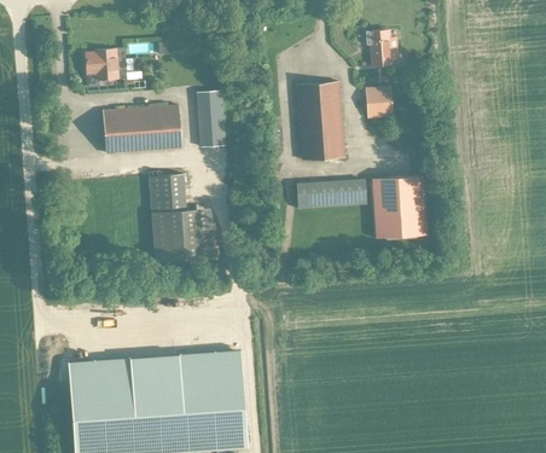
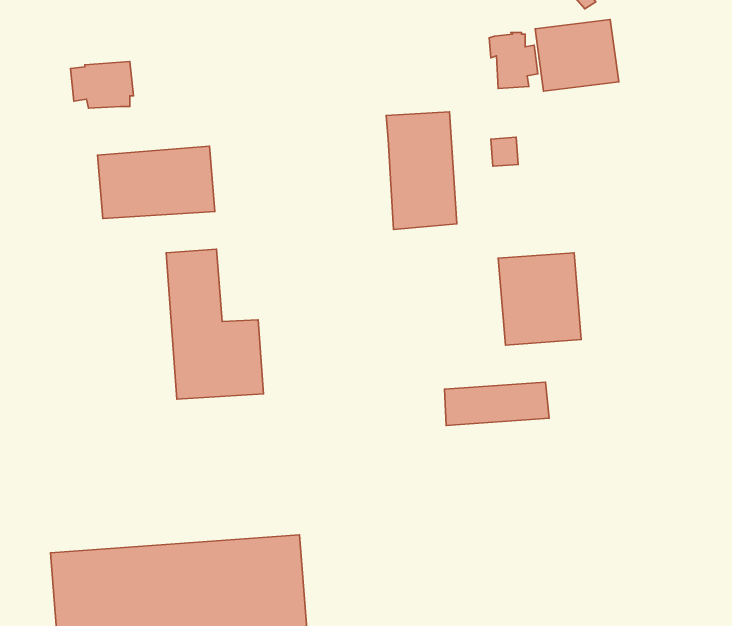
building: none -> [535,19,619,91]
building: [196,87,223,144] -> none
building: [296,176,366,205] -> [445,382,549,425]

